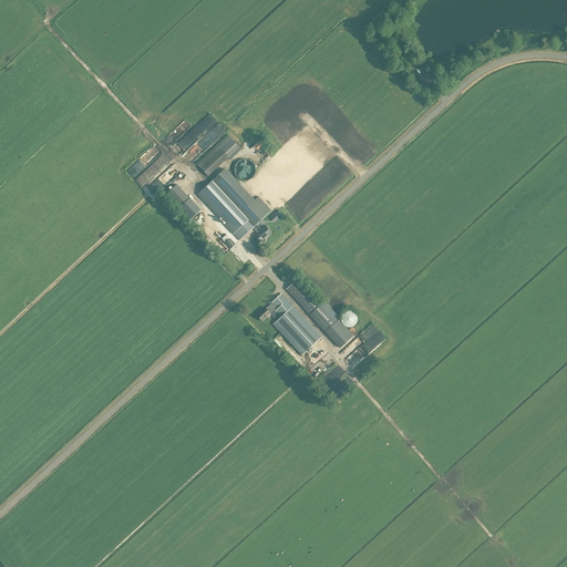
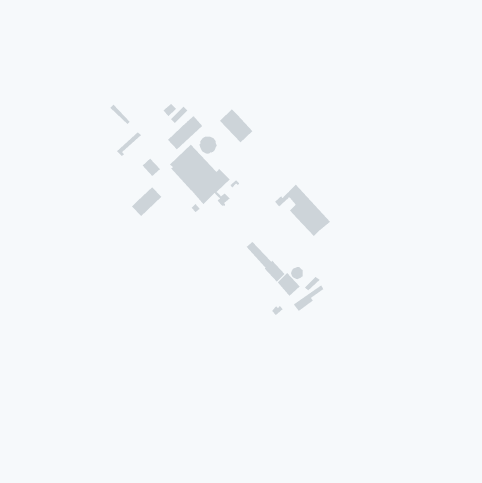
building: none -> [219,109,253,143]
building: none -> [131,187,162,217]
building: [255,293,321,355] -> [274,184,331,237]

